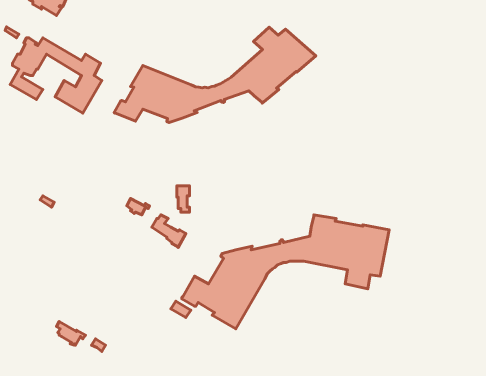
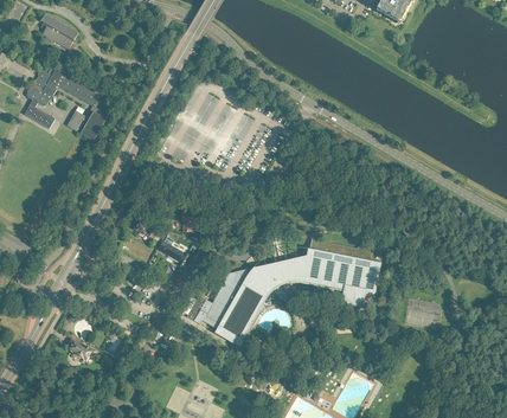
building: [114,27,316,123] -> none

